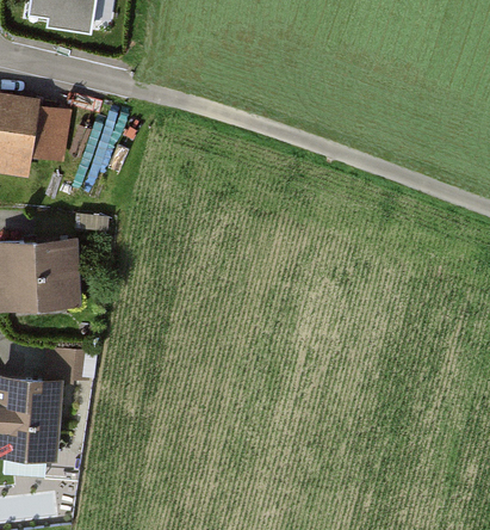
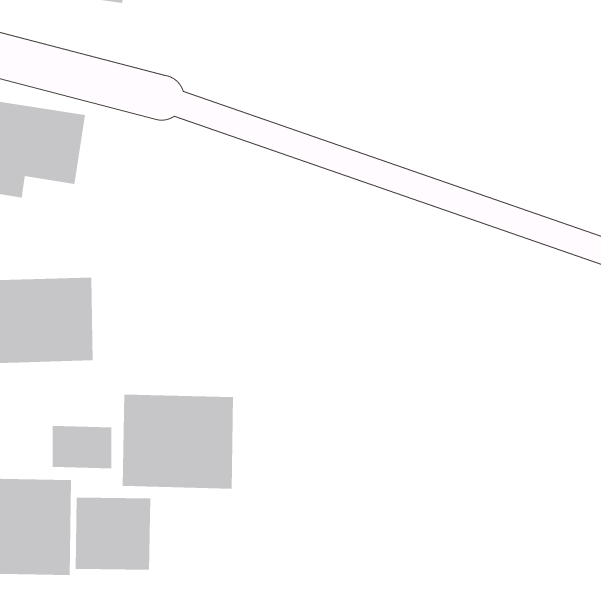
building: none -> [122,394,234,489]
building: none -> [75,497,151,571]

